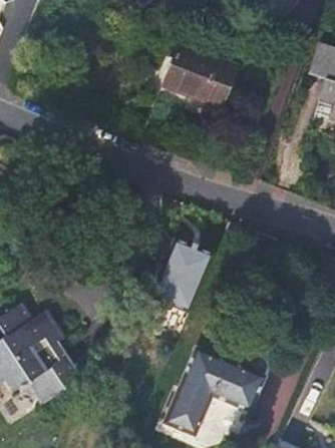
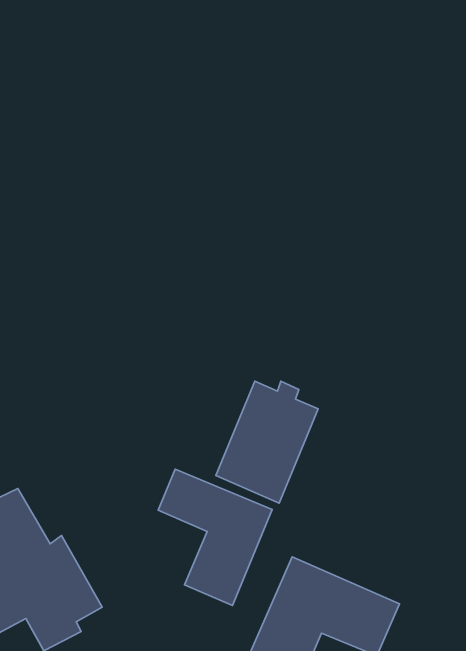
building: [161,44,235,107] -> none
building: none -> [158,469,272,605]

